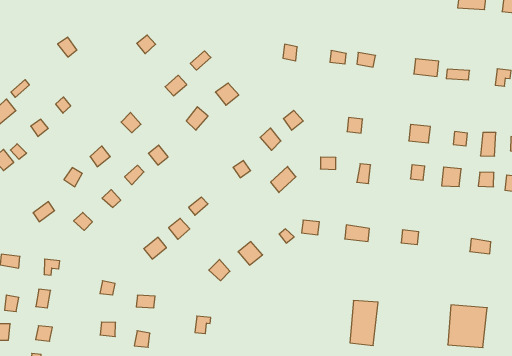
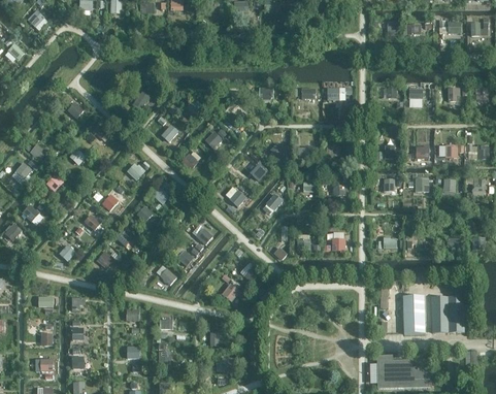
building: [350,301,378,345] -> [403,295,425,333]

